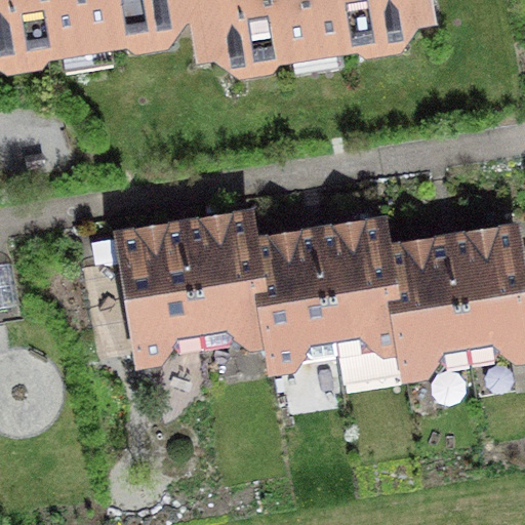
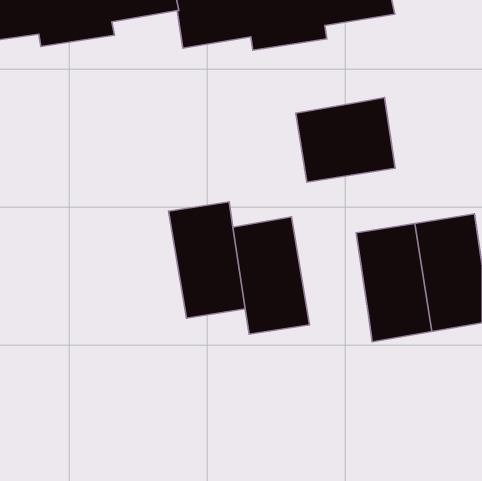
building: none -> [296,97,395,182]
building: [316,225,399,352] -> none
building: [118,229,202,356] -> none

